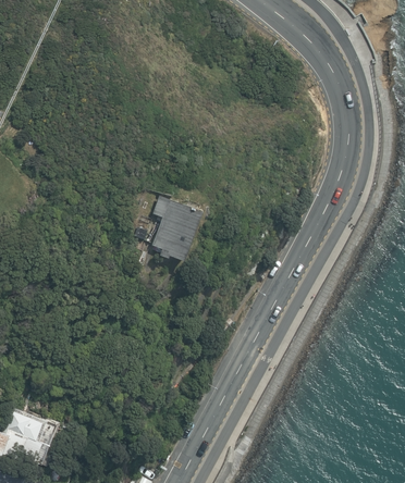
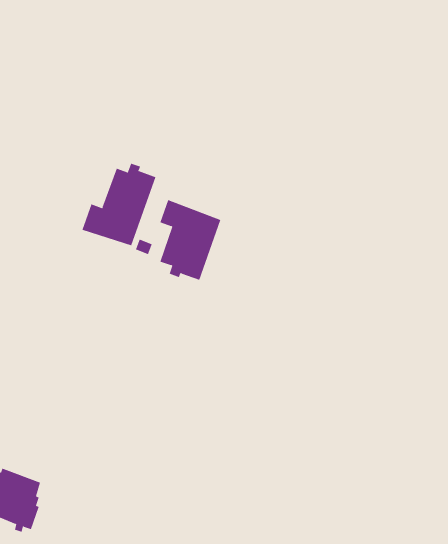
building: none -> [82,163,156,246]

